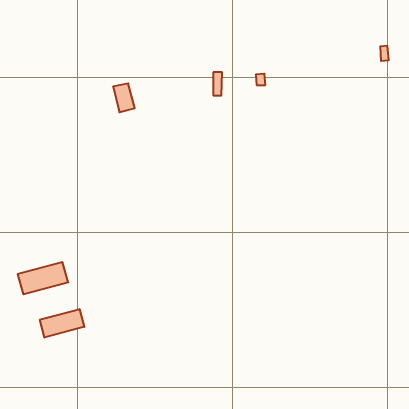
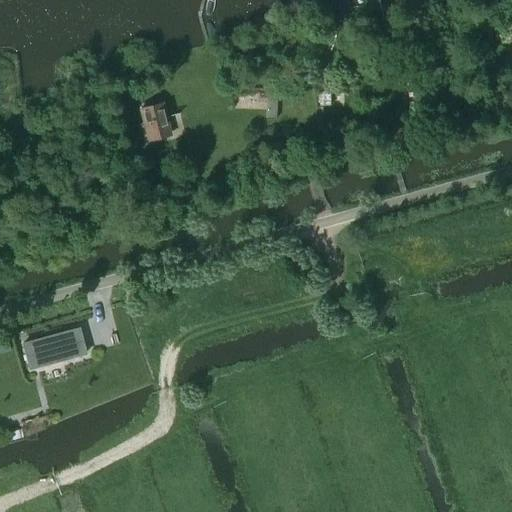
building: [40,309,84,338] -> none

